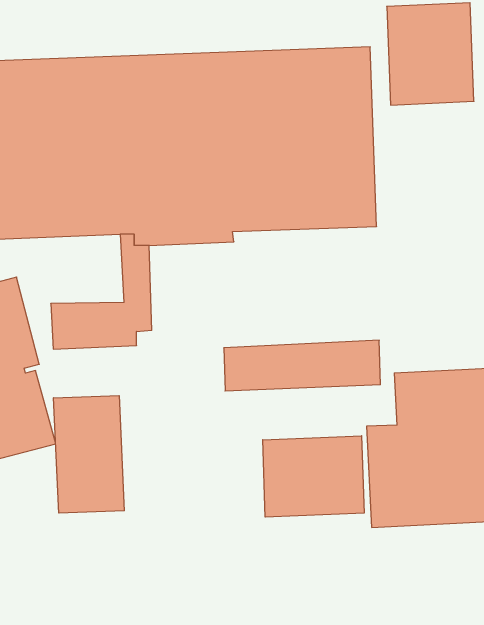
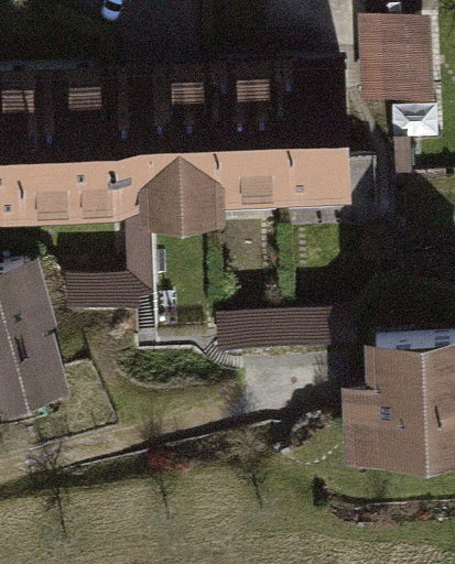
building: [54,396,124,513] -> none
building: [263,436,364,517] -> none

